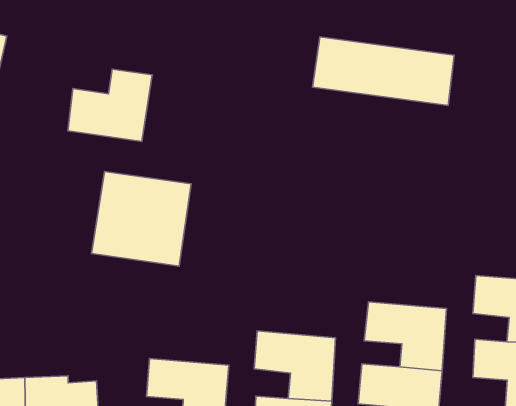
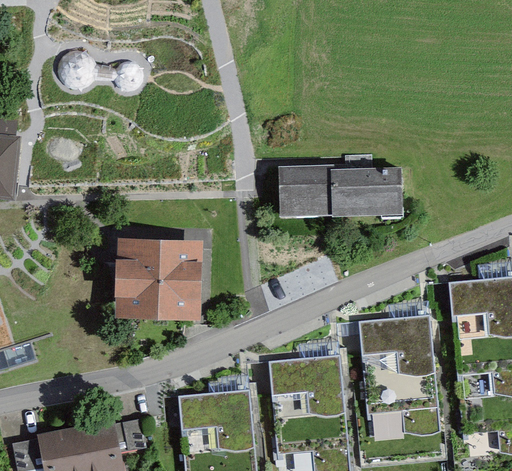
building: [312,37,454,106] -> [281,166,400,211]
building: [68,69,152,142] -> none

